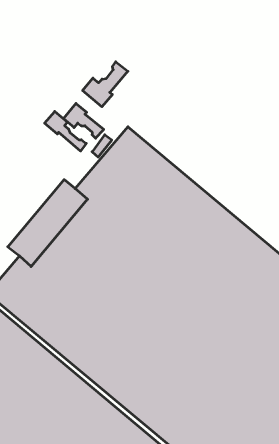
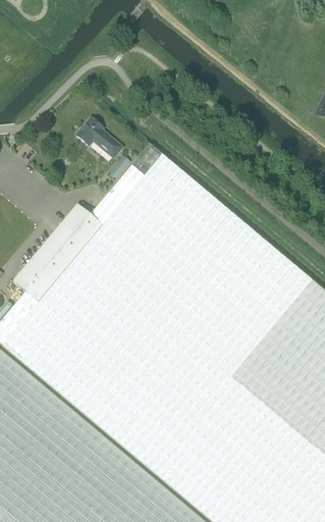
building: [83,62,128,107] -> none
building: [45,111,86,151] -> none

